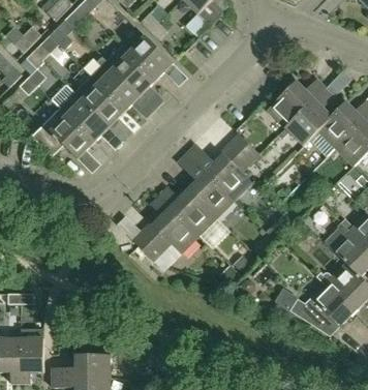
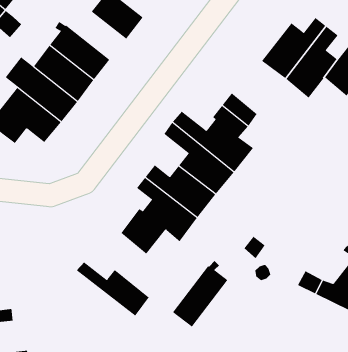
building: [106,46,156,94] -> none
building: none -> [76,261,149,316]
building: none -> [172,260,228,328]

